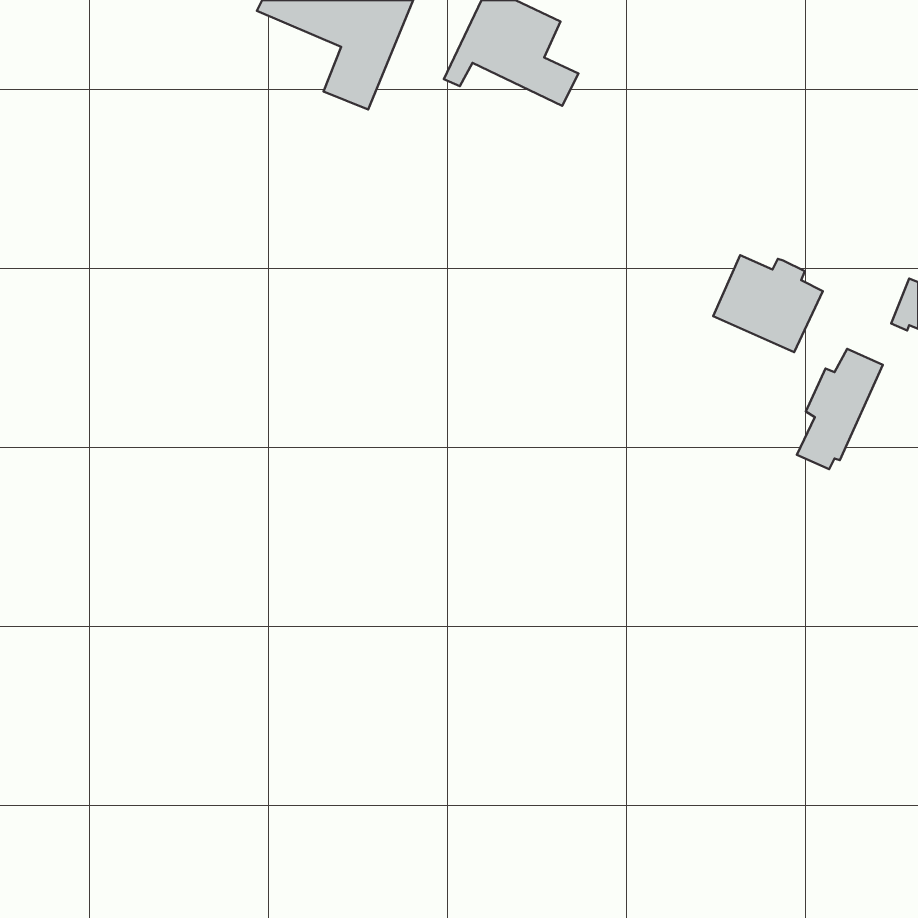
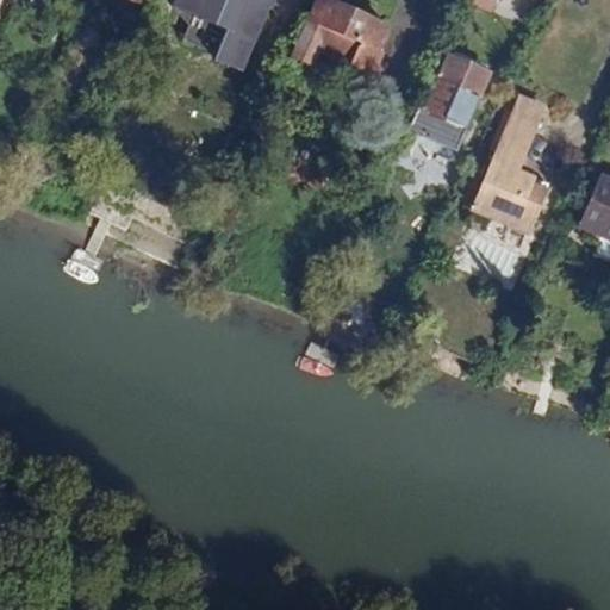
building: none -> [411,52,490,144]
building: [797,349,883,469] -> [491,99,548,179]

